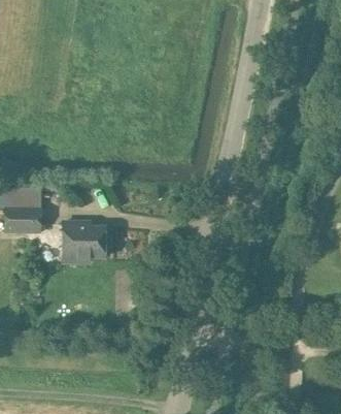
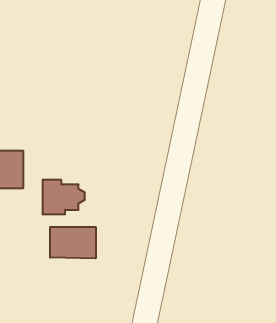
building: none -> [50,227,96,258]

